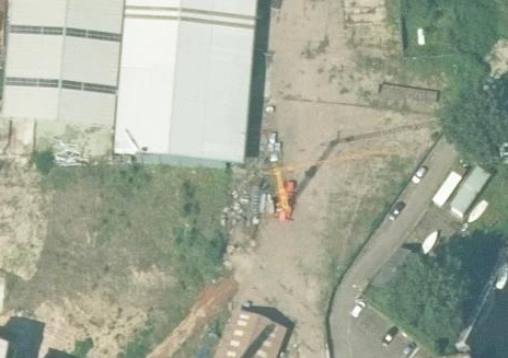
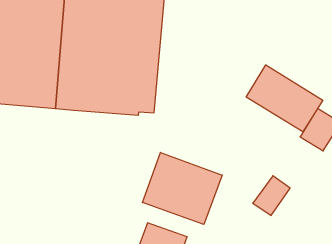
building: none -> [246,65,323,132]
building: none -> [142,152,222,224]

